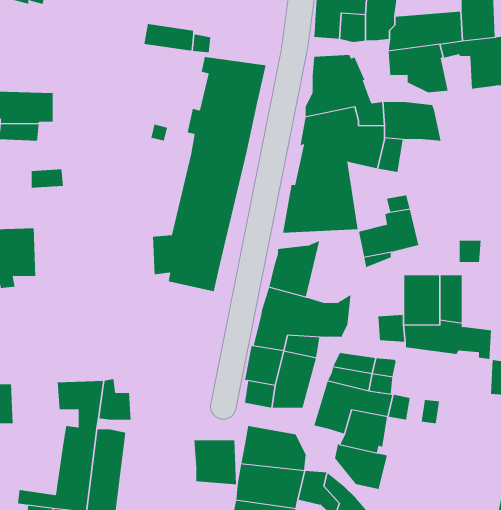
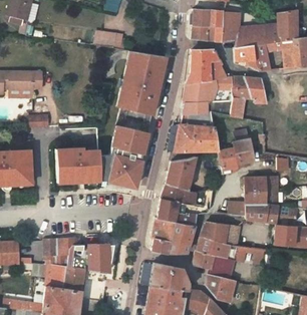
building: none -> [55,146,100,182]
building: none -> [273,221,295,246]
building: [194,440,237,485] -> [85,245,110,271]

